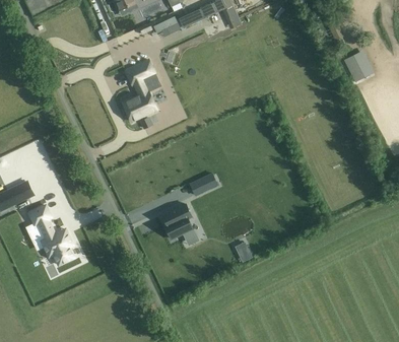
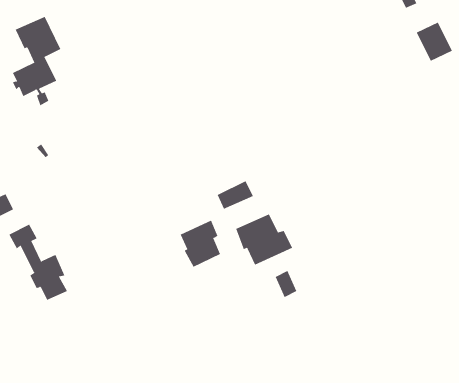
building: [121,59,158,128] -> [12,16,61,106]
building: none -> [235,214,293,266]

